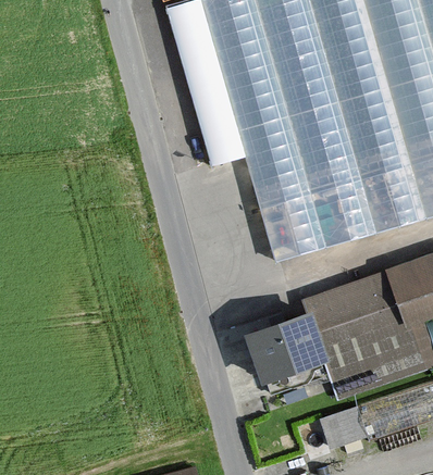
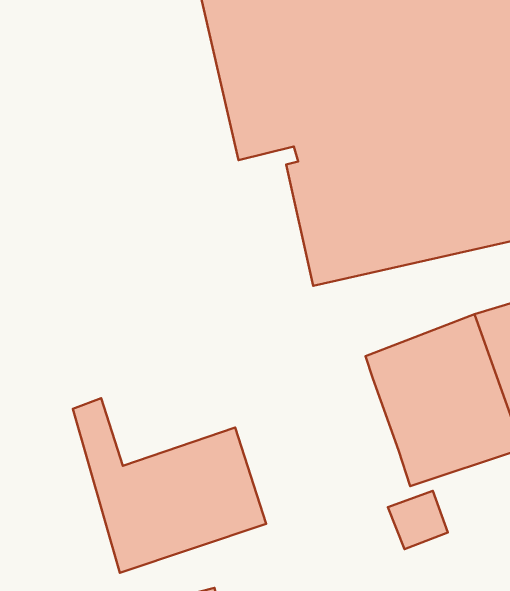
building: [248,318,327,390] -> none
building: none -> [73,398,266,573]

